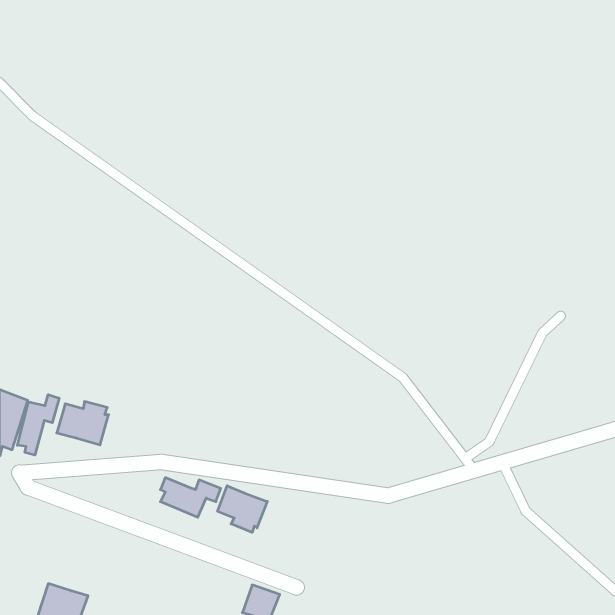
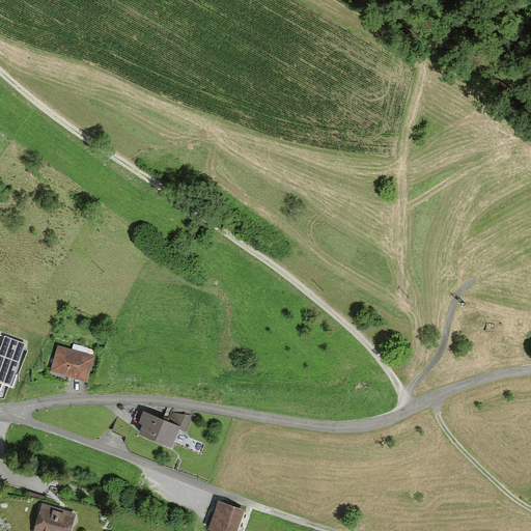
building: [17,395,59,455] -> none
building: [218,486,267,532] -> none

